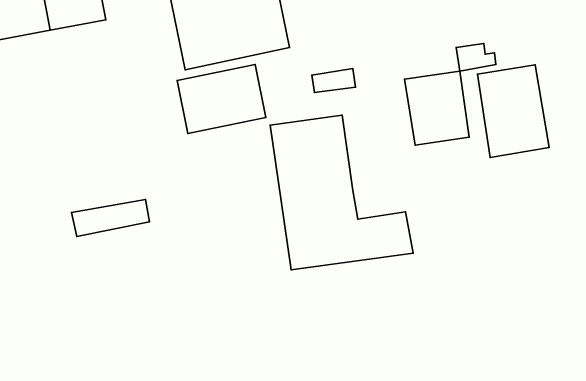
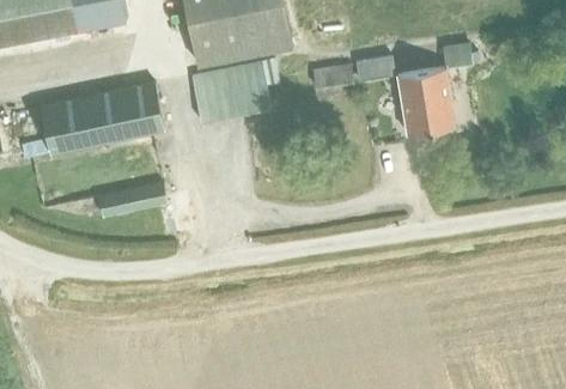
building: none -> [357,54,395,79]
building: [478,65,549,157] -> none
building: none -> [37,81,162,153]
building: [270,115,413,270] -> none

